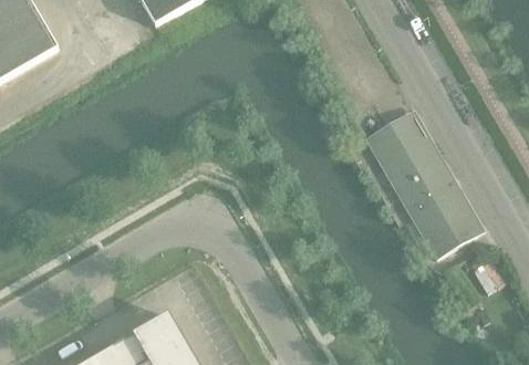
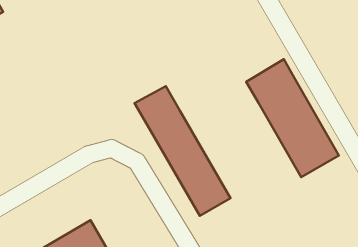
building: none -> [135,86,231,216]

